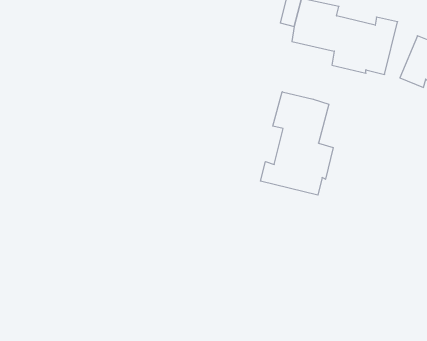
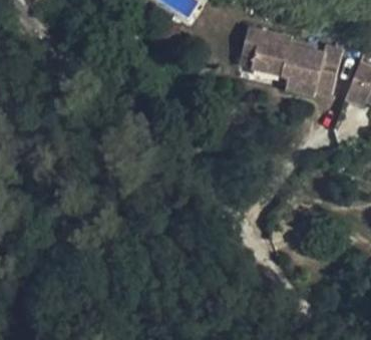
building: [260,92,333,195] -> none

